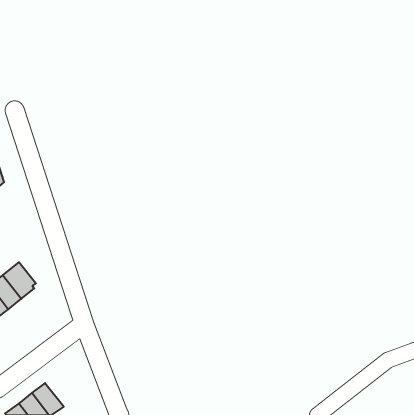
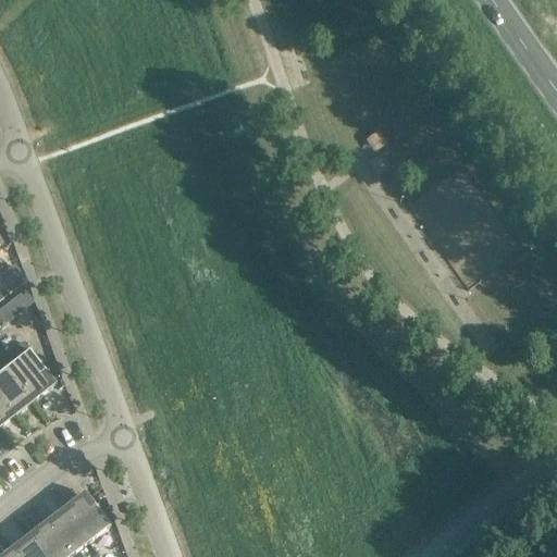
building: none -> [60,496,107,542]

